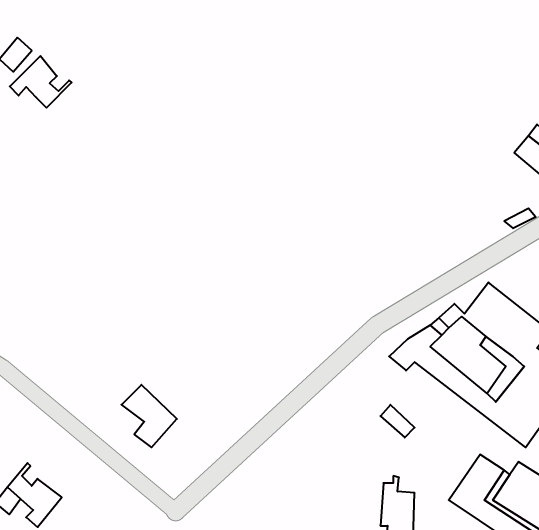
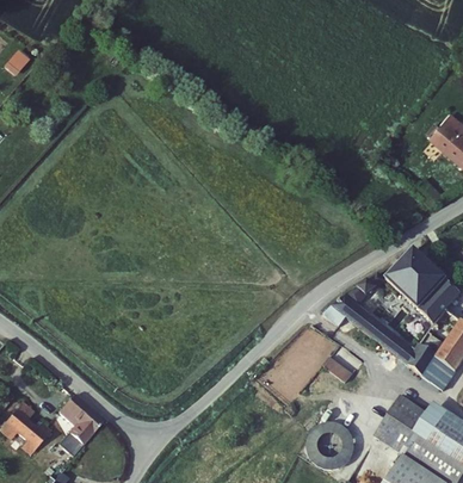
building: [10,56,72,108] -> none
building: [121,385,177,447] -> [53,395,99,447]

